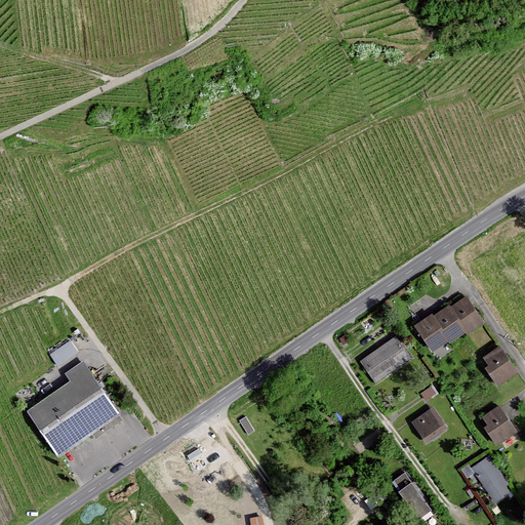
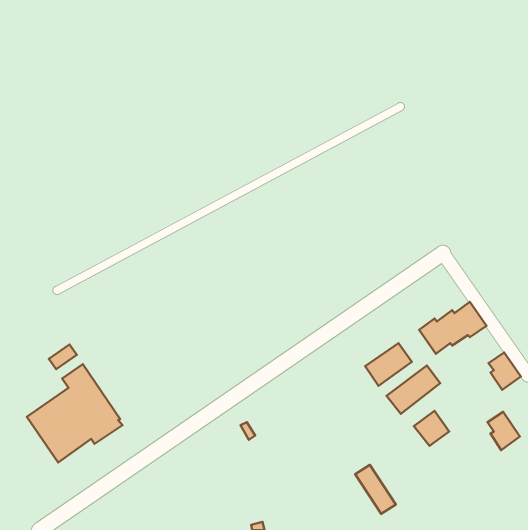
building: none -> [386,365,440,414]
building: [459,455,513,504] -> none
building: [393,470,433,518] -> [355,465,396,514]

